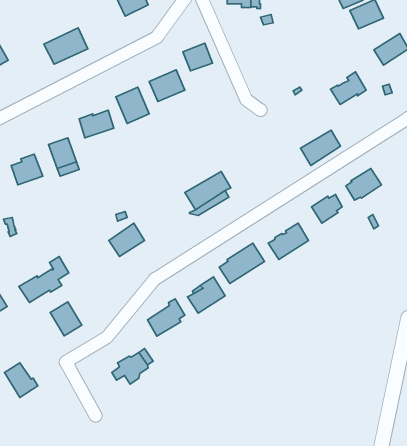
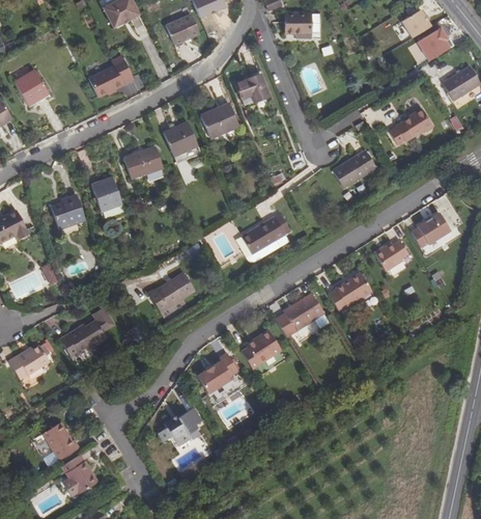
building: [300,130,341,165] -> [332,151,375,189]
building: [50,302,82,336] -> none
building: none -> [62,454,100,493]

